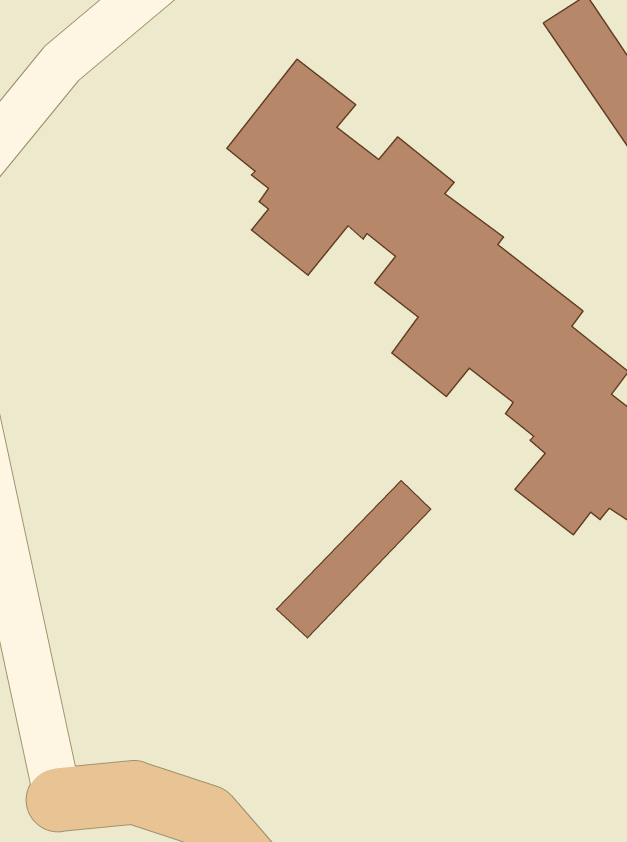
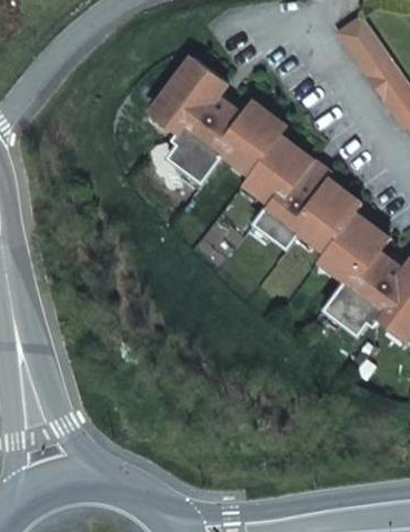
building: [276,481,431,638] -> none

